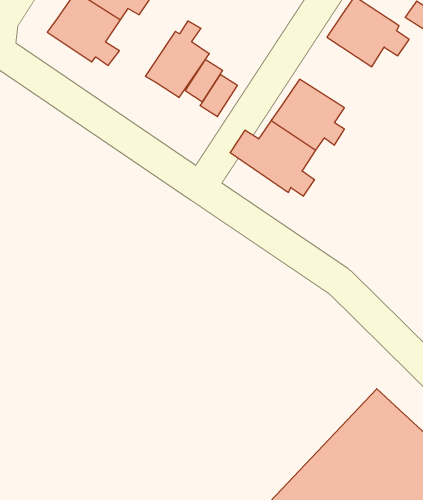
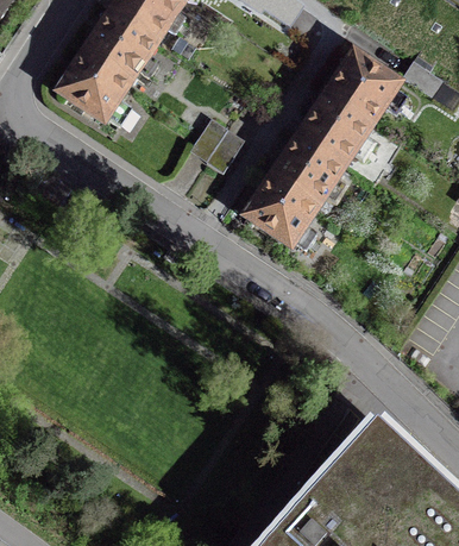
building: [145,21,209,98] -> none
building: none -> [300,88,371,156]

